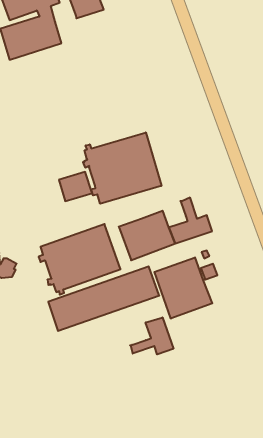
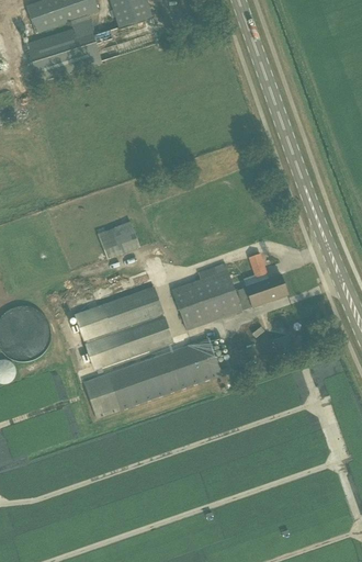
building: [83,132,161,204] -> none
building: [154,257,212,319] -> none
building: [130,317,173,354] -> none

